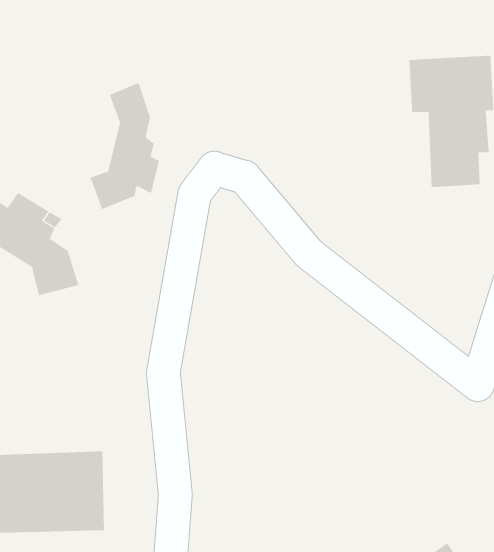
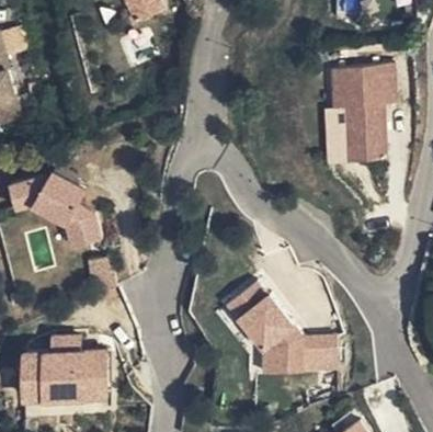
building: [90,82,160,210] -> none
building: none -> [225,280,333,372]

